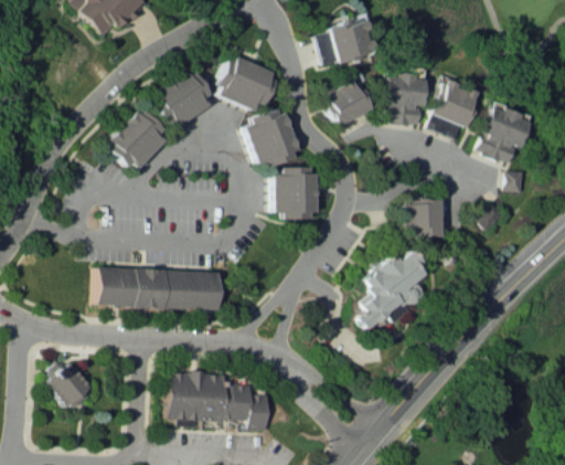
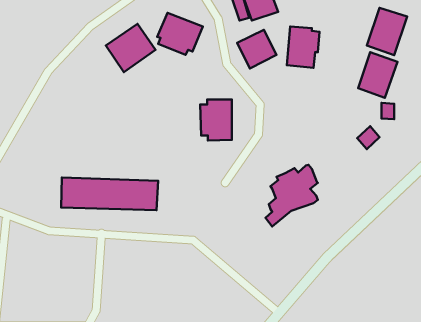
building: [428,80,480,140] -> [367,8,407,55]
building: [249,107,299,166] -> none
building: [109,108,172,172] -> none
building: [405,198,447,237] -> none
building: [45,358,94,411] -> none
building: [169,372,269,430] -> none

